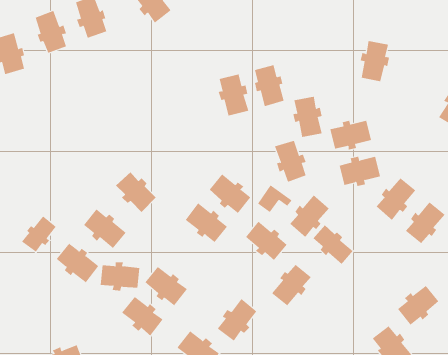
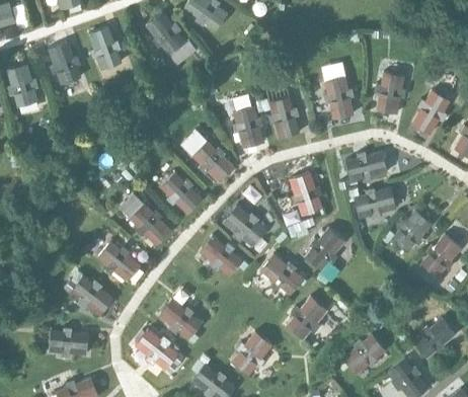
building: none -> [412,90,451,134]
building: [292,96,323,137] -> [324,77,355,118]
building: none -> [192,141,235,182]
building: none -> [161,172,203,214]
building: [21,215,57,253] -> none
building: [313,225,354,265] -> none
building: [100,262,140,291] -> [49,328,89,358]
building: none -> [343,335,387,375]

